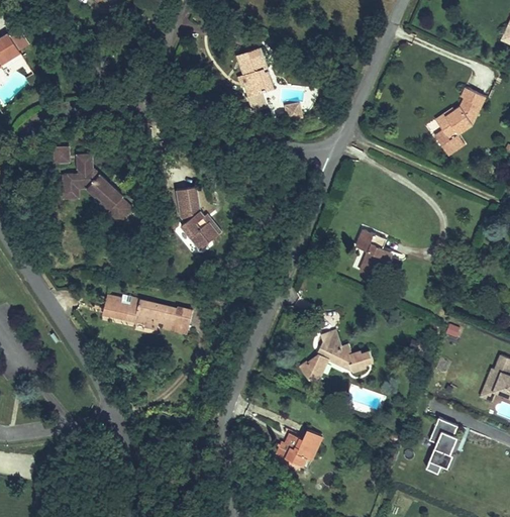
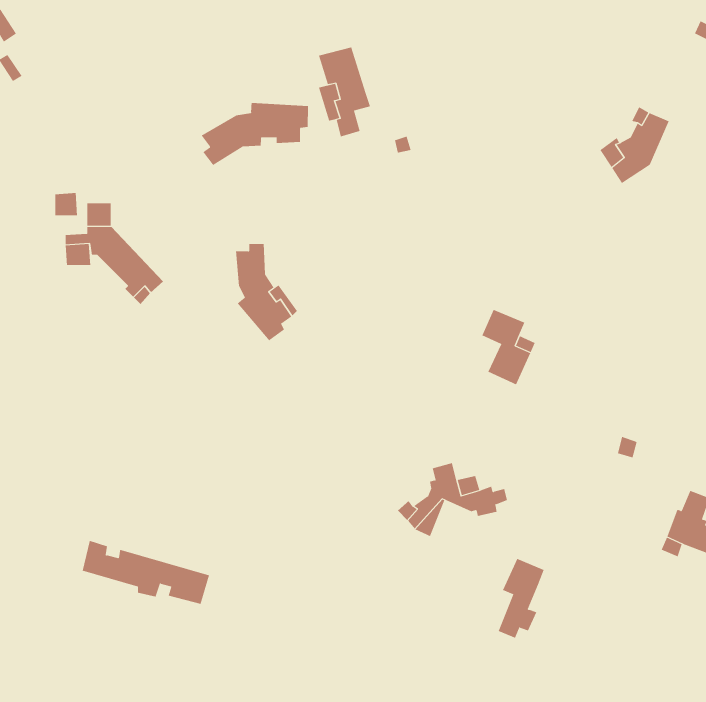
building: none -> [201,102,308,166]
building: [105,295,194,339] -> [82,540,210,604]
building: [427,412,460,468] -> [498,558,545,638]
building: [277,421,324,457] -> none

